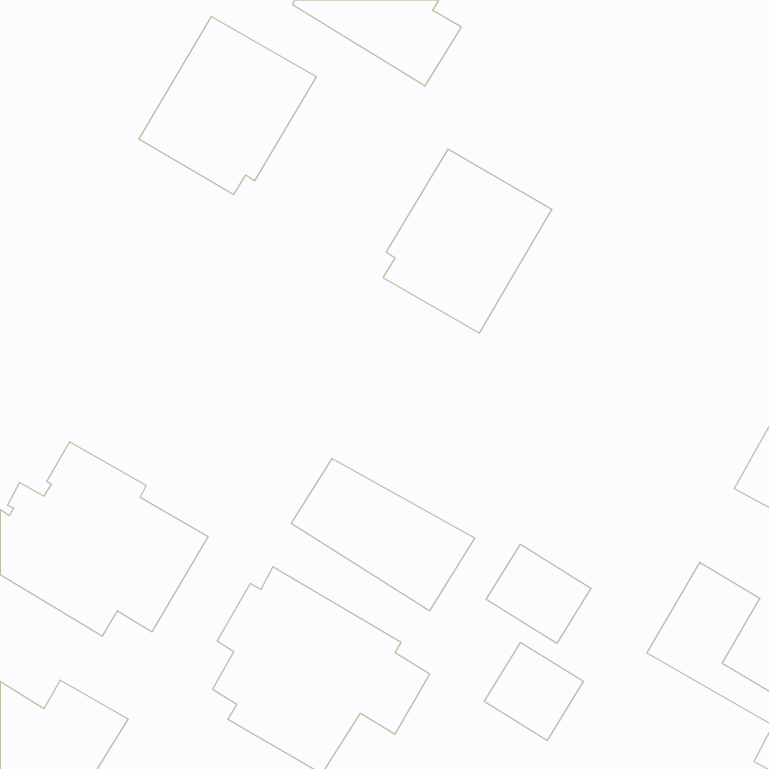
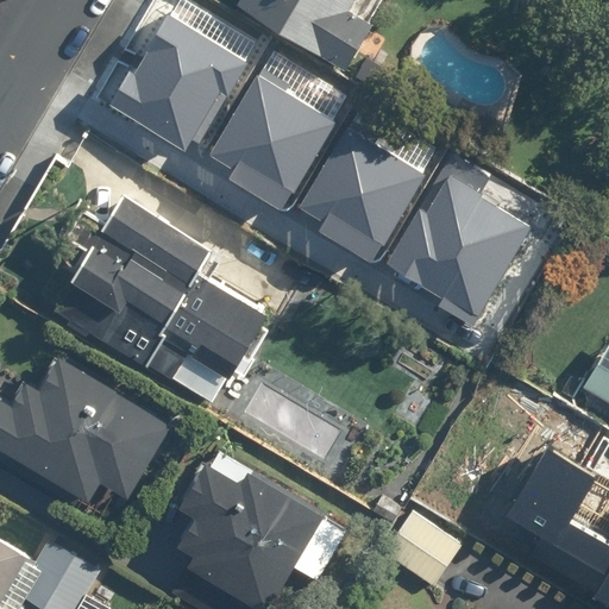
building: none -> [211,64,344,209]
building: none -> [383,180,539,329]
building: none -> [45,193,263,403]
building: [486,544,591,643] -> none

